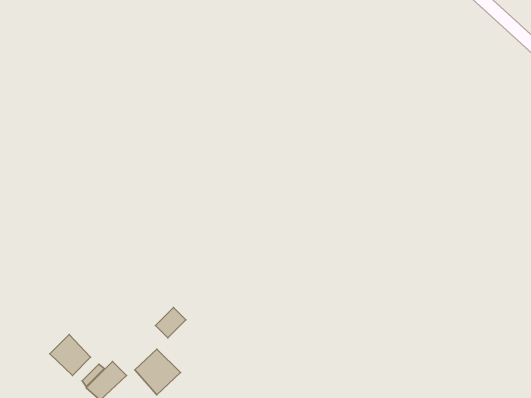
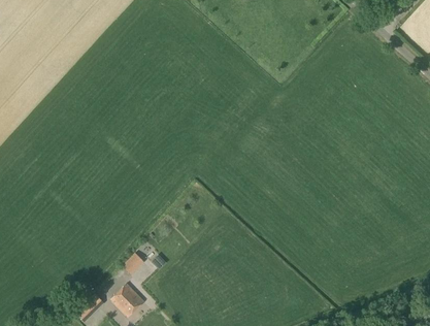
building: [50,335,91,375] -> none

